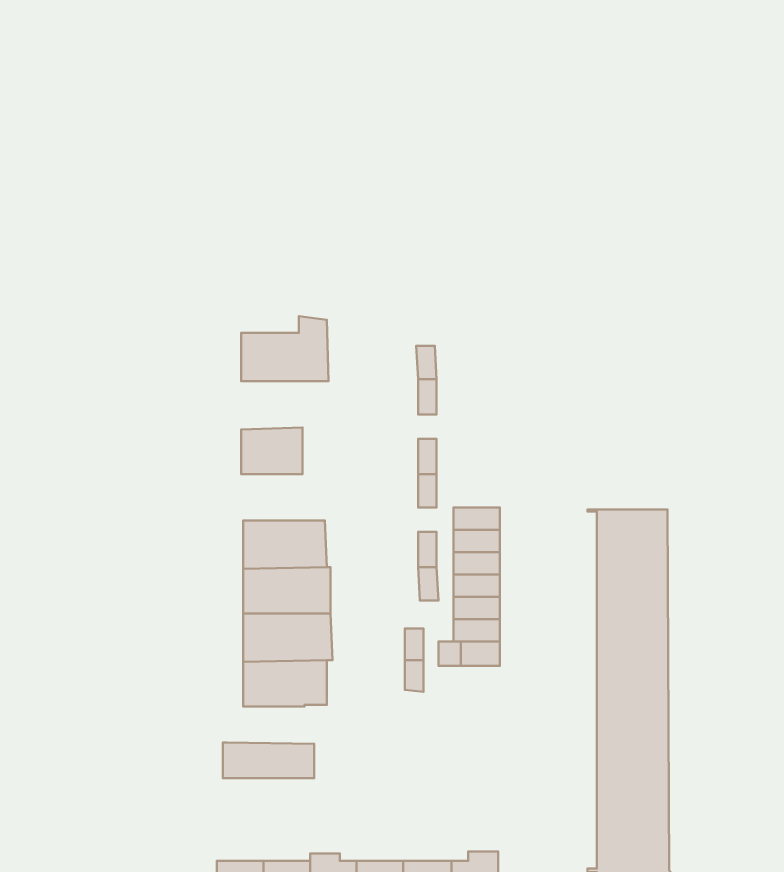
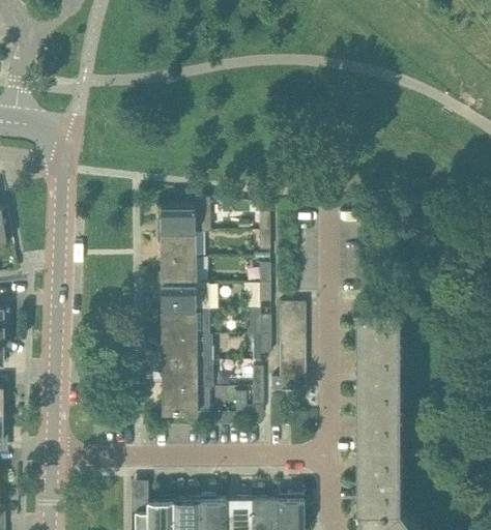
building: none -> [161,235,195,262]
building: none -> [161,287,207,313]
building: [223,742,314,778] -> none

